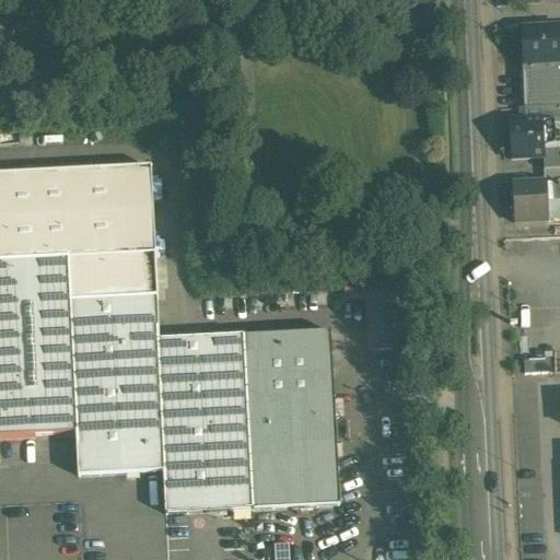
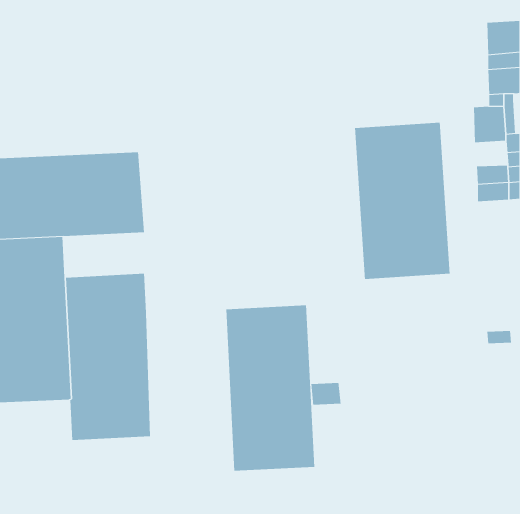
building: none -> [355,122,450,280]
building: [68,249,155,298] -> none
building: [158,331,250,511] -> none
building: none -> [311,382,341,405]

